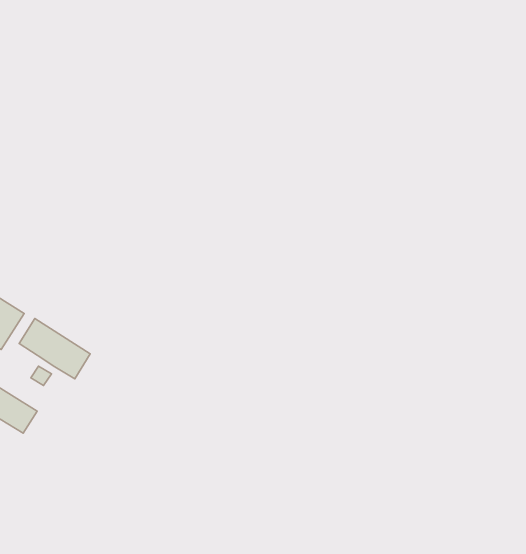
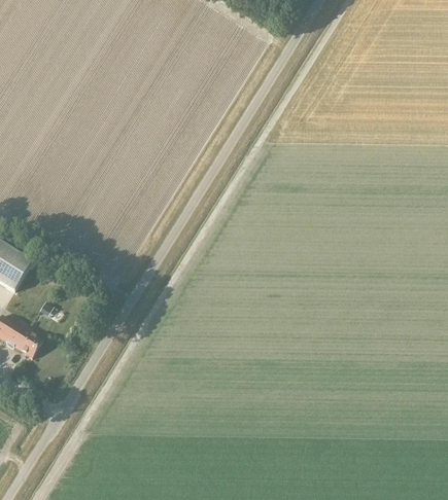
building: [19,318,90,379] -> none

